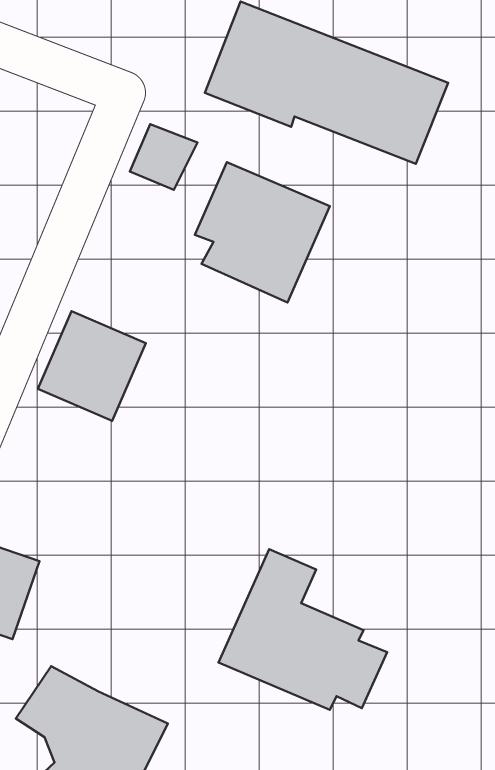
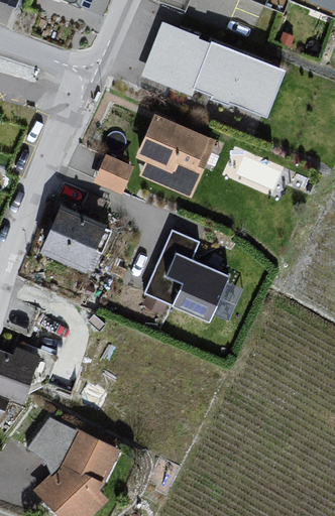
building: [130,124,197,190] -> [94,155,134,195]
building: [218,549,387,710] -> [141,225,242,320]

